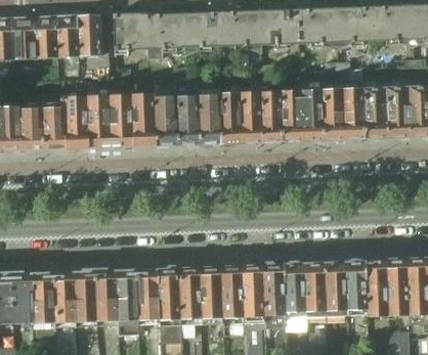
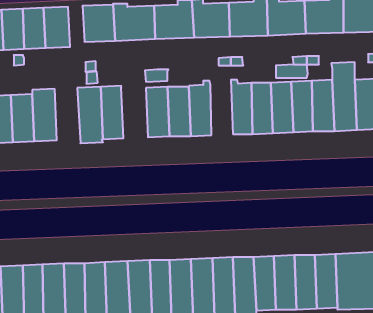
building: [241,88,263,143] -> none
building: [85,96,111,151] -> none
building: [152,96,178,146] -> none

